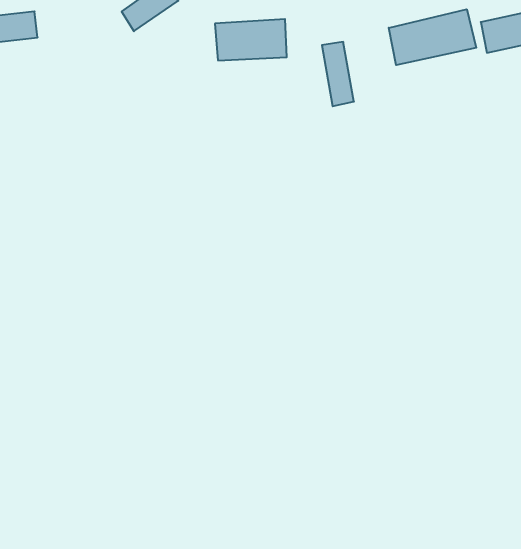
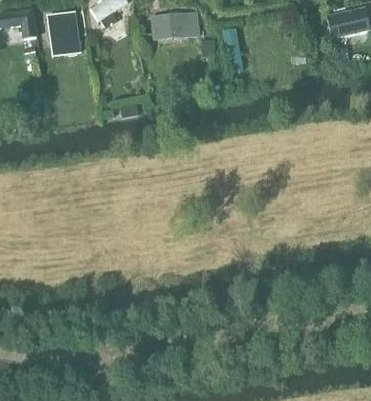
building: [389,9,476,65] -> none
building: none -> [46,11,81,57]

